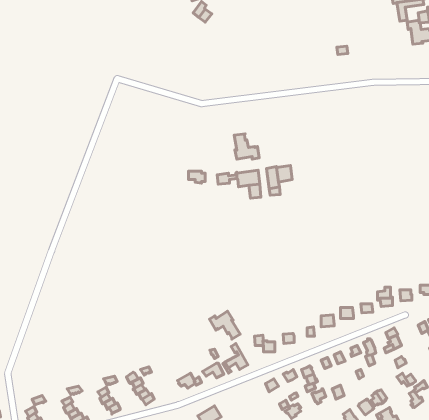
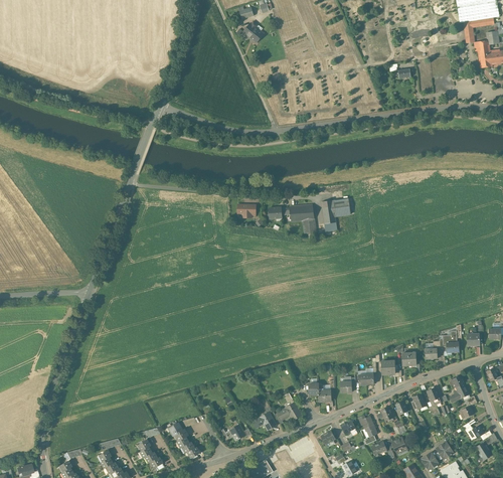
building: [234,134,259,159] -> none
building: [210,311,240,339] -> none

